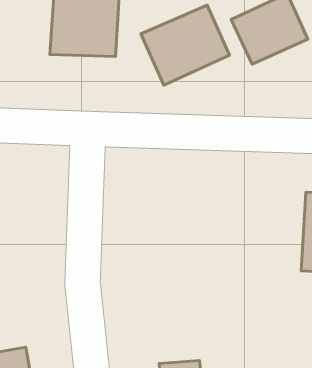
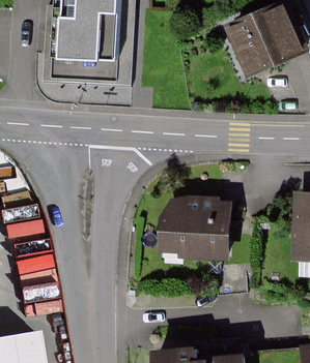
building: [141,5,229,85] -> none
building: none -> [166,200,231,253]

